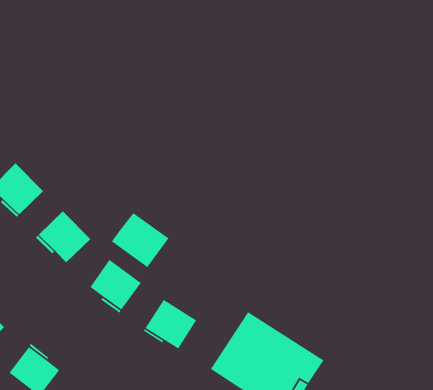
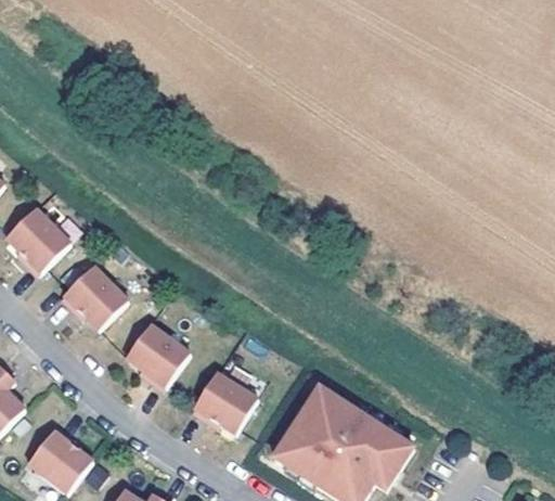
building: [111,212,170,268] -> none

